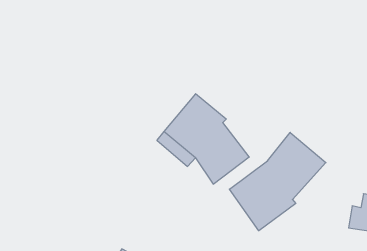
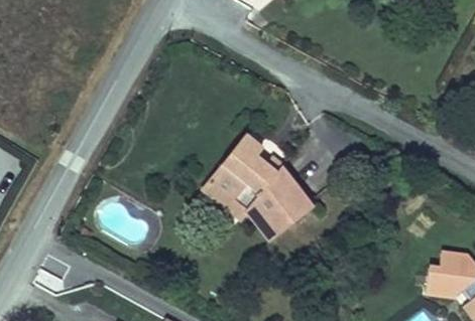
building: [229,132,326,231] -> none

